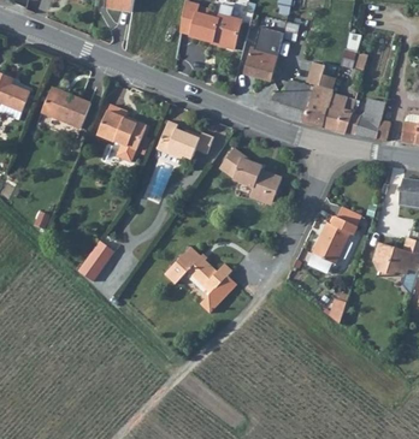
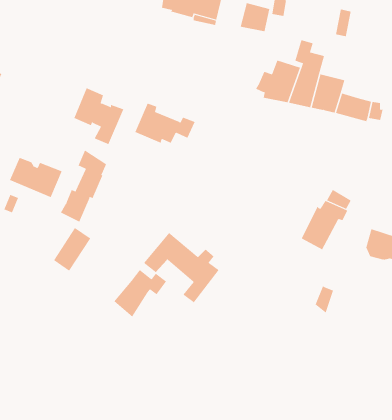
building: [247,48,279,81] -> none
building: [40,90,90,129] -> [9,157,63,198]
building: [220,148,282,201] -> none
building: none -> [60,149,107,222]
building: none -> [114,269,167,317]

